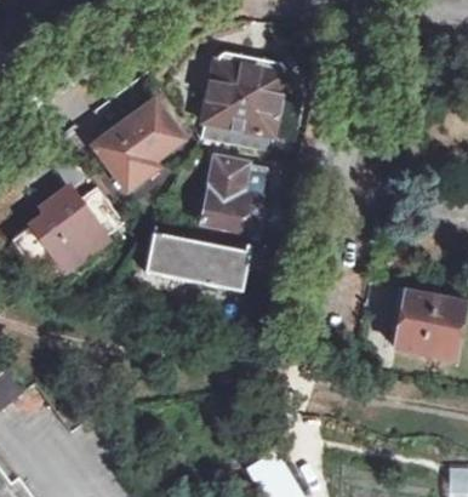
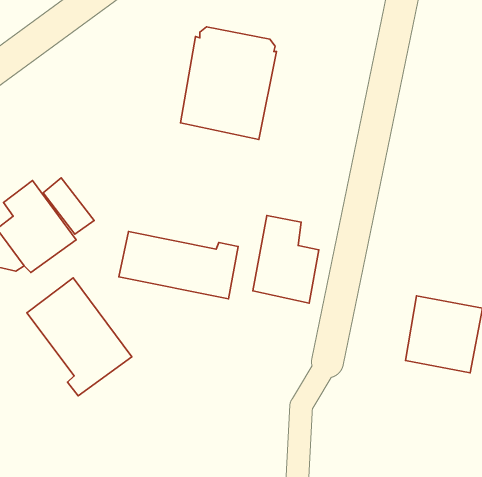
building: [93,103,182,190] -> none
building: [204,158,262,235] -> [253,215,319,303]
building: none -> [27,278,132,396]

